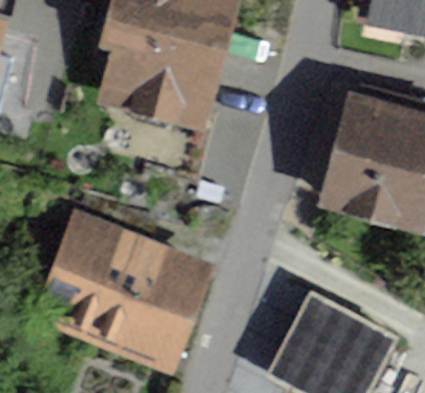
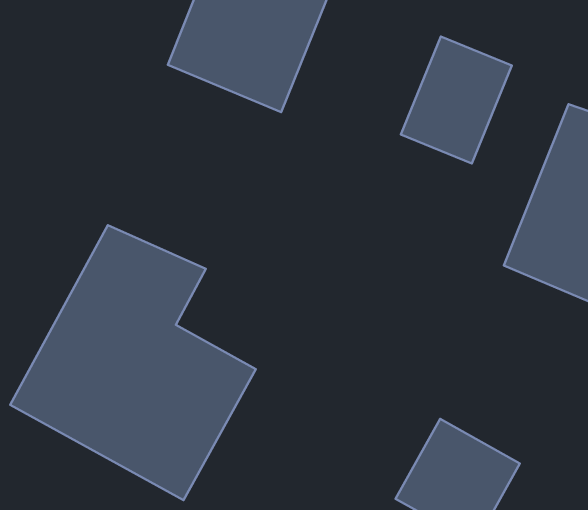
building: none -> [401,37,512,164]

